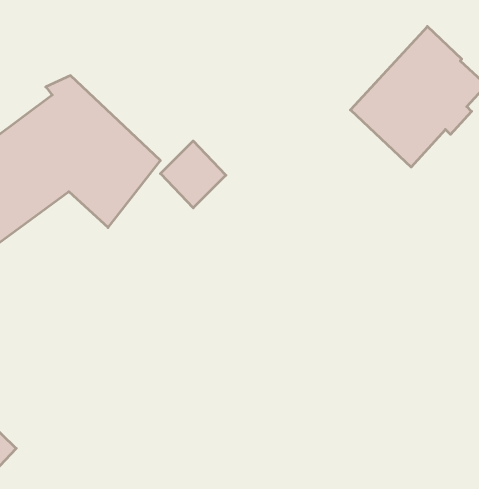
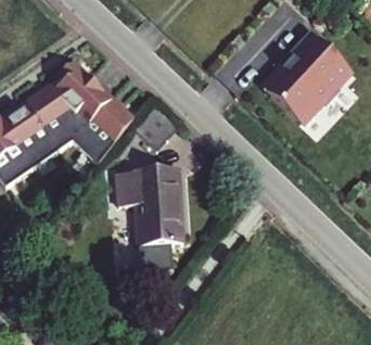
building: none -> [117,165,184,245]

